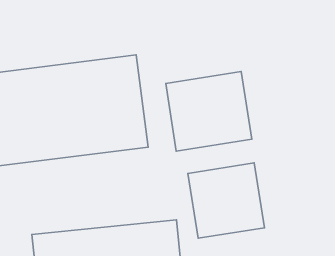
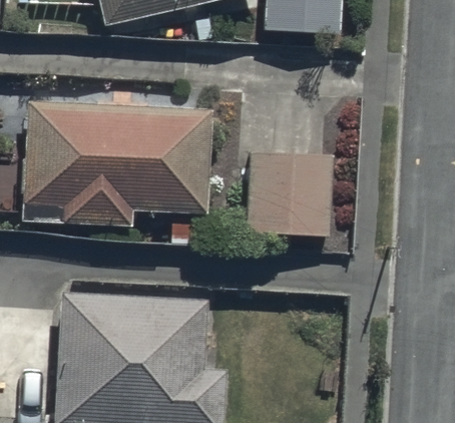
building: [188,163,265,238] -> none

